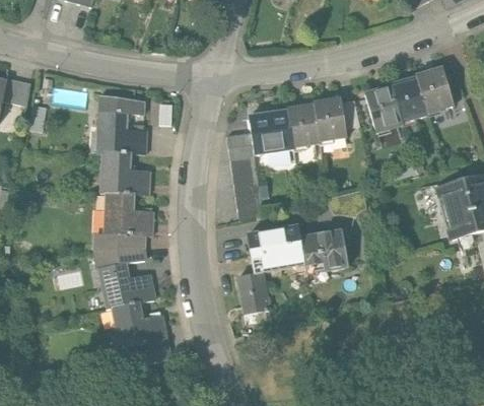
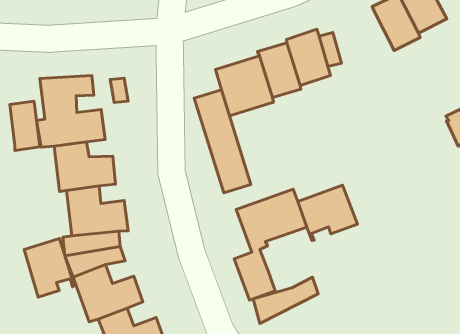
building: [365,86,405,133] -> none
building: none -> [10,101,40,150]
building: none -> [24,238,74,297]
building: none -> [253,277,318,323]

